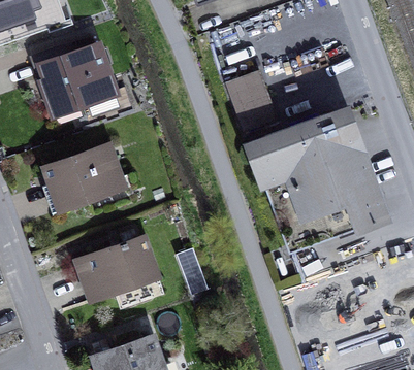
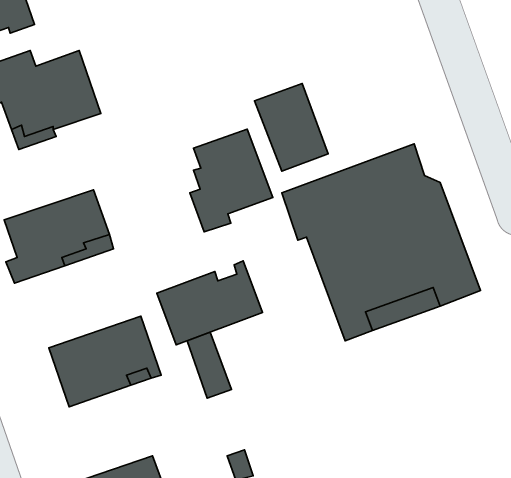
building: none -> [190,129,273,232]
building: none -> [157,261,263,345]

